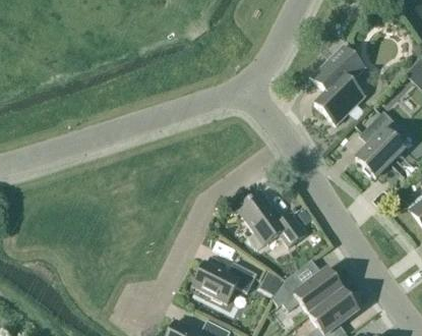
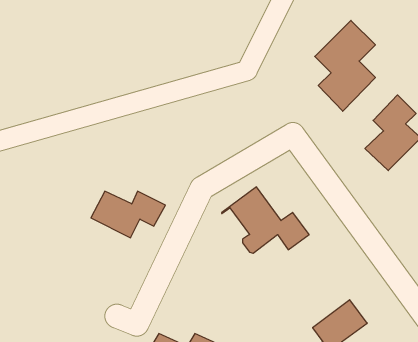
building: [193,261,258,301] -> [91,191,165,238]
building: [274,269,343,314] -> none

